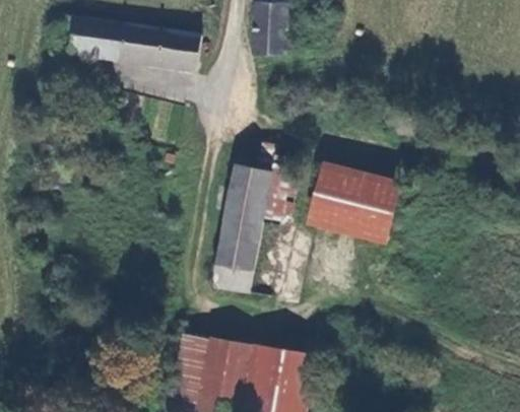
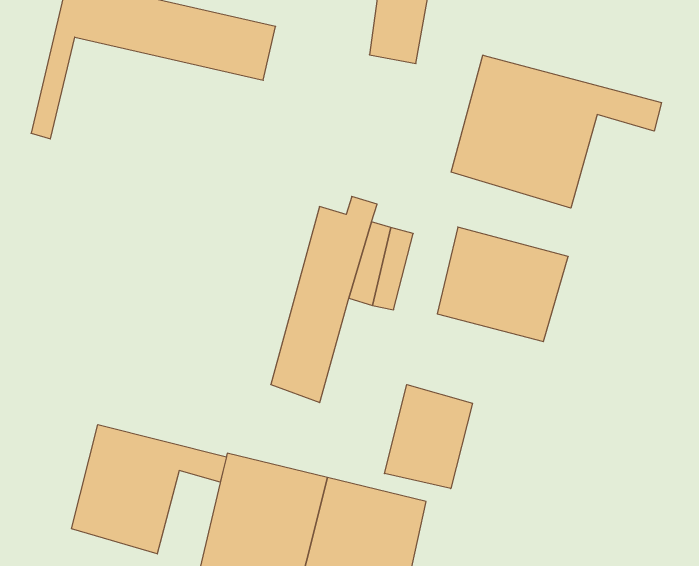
building: none -> [451,55,662,208]
building: none -> [384,385,473,489]
building: none -> [71,425,226,554]

